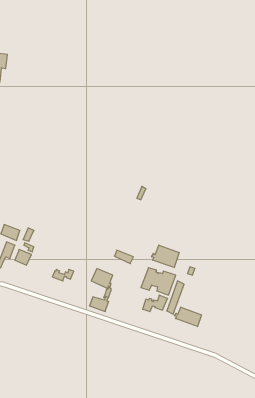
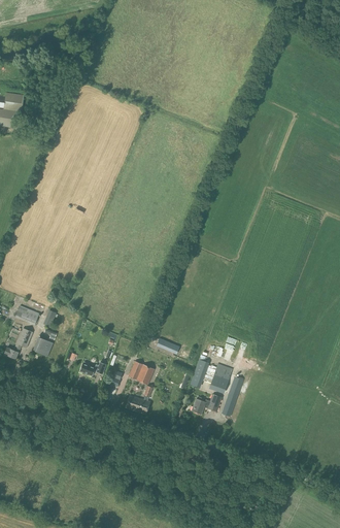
building: [152,245,179,268] -> none
building: [174,307,202,327] -> none

